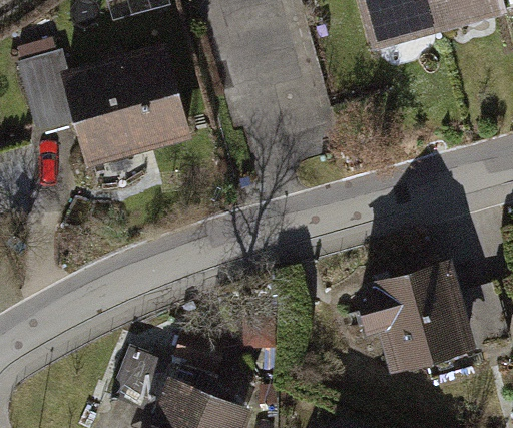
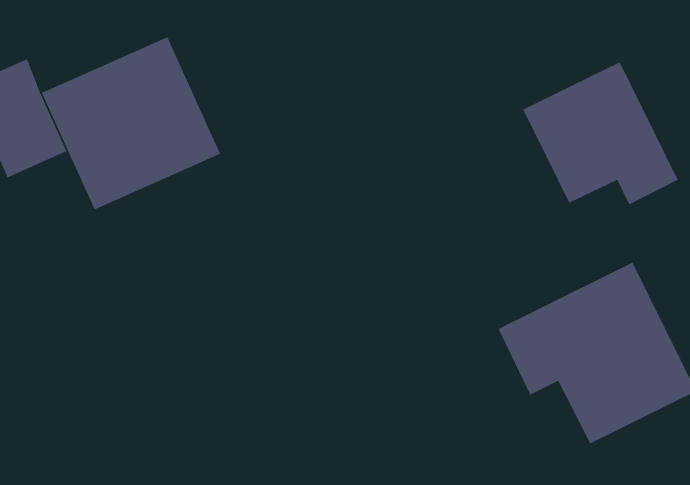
building: none -> [522,61,679,206]

